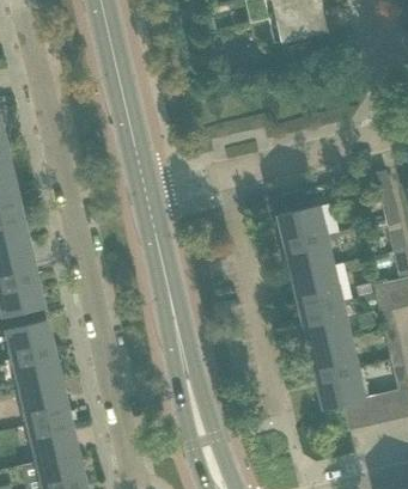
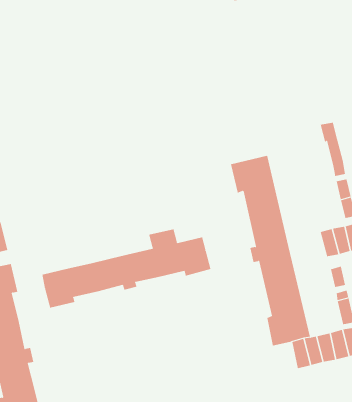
building: none -> [42,228,211,308]

